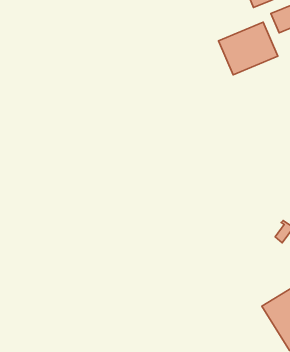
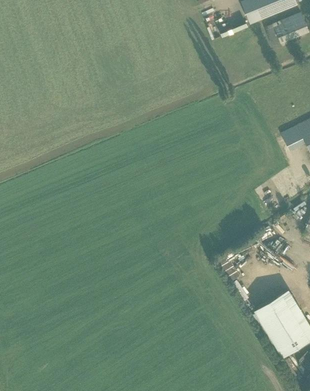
building: [219,22,278,75] -> none

